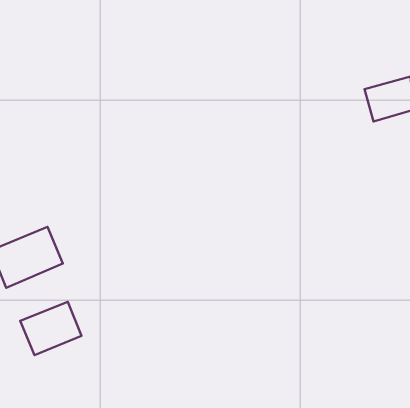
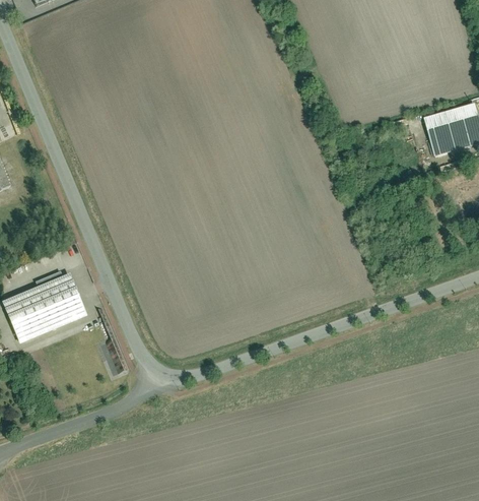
building: [20,302,82,355] -> none

